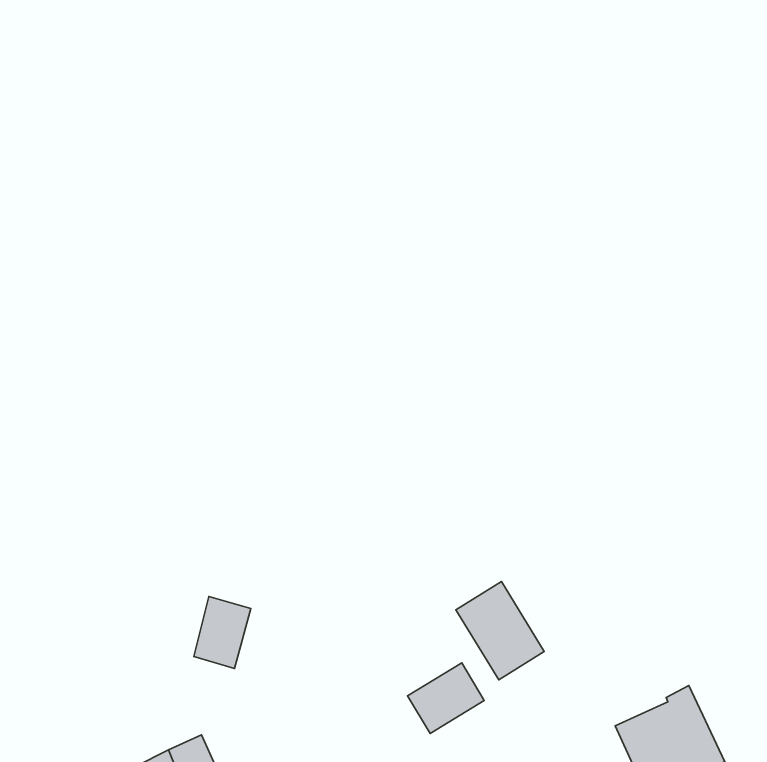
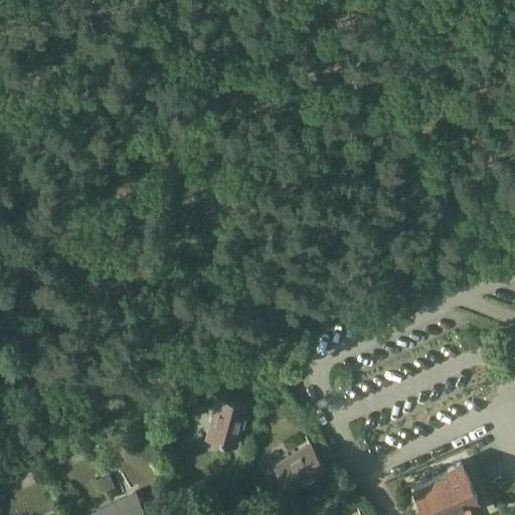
building: [456,581,544,680] -> none
building: [194,596,251,669] -> [206,401,244,450]

